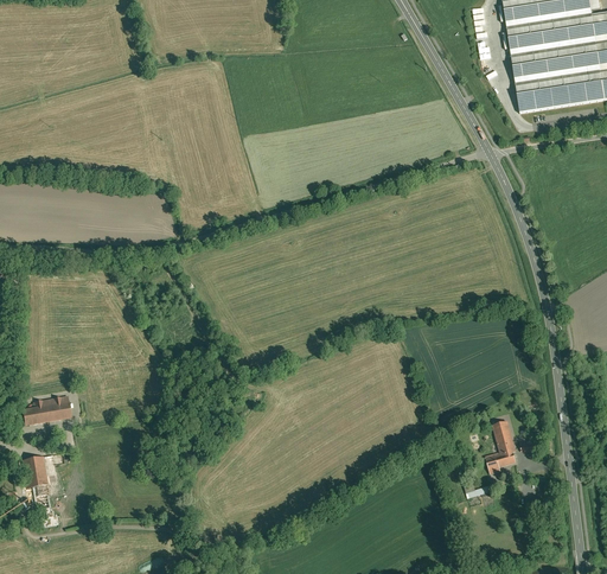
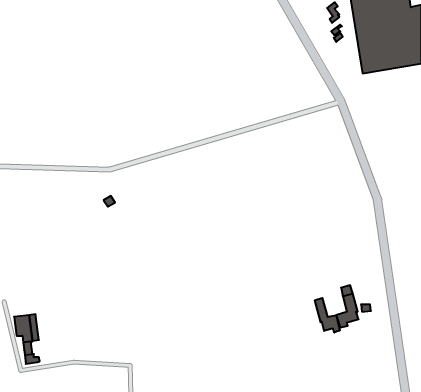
building: [21,396,71,427] -> none
building: none -> [315,298,340,333]

